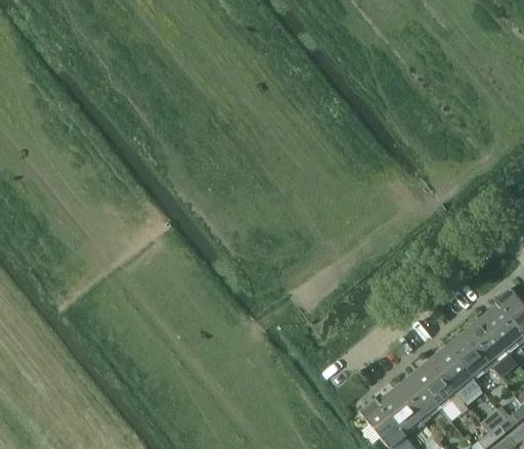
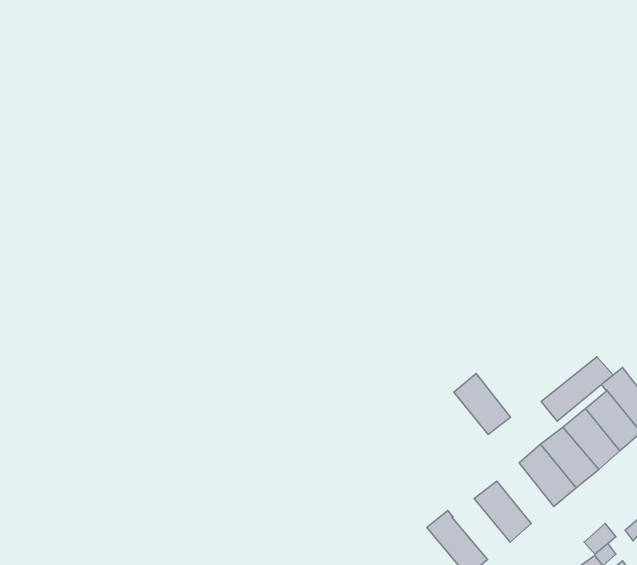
building: none -> [541,357,613,421]
building: [412,360,456,407] -> [454,374,511,434]
building: [378,388,423,435] -> none

